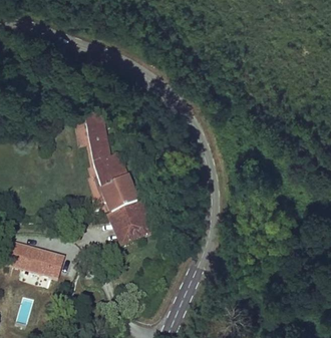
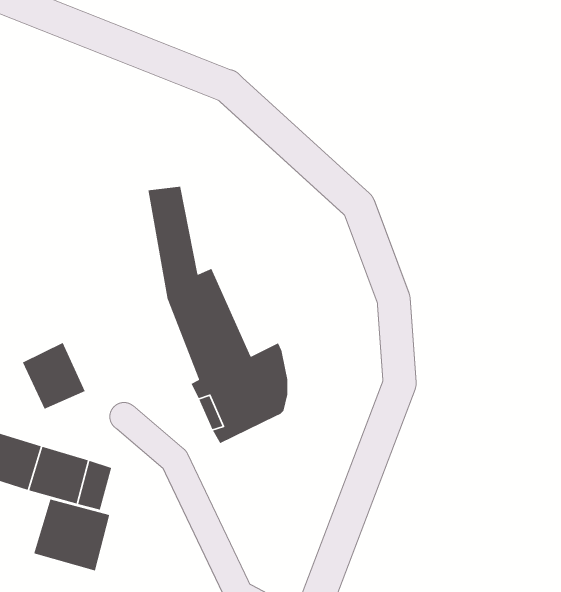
building: none -> [22,342,86,410]
building: none -> [33,498,110,571]

